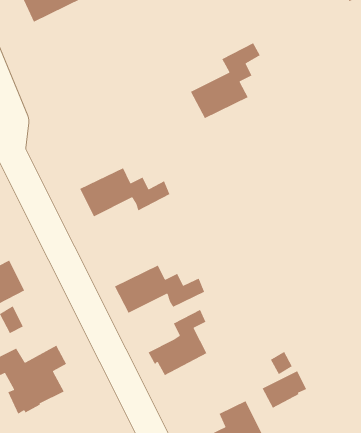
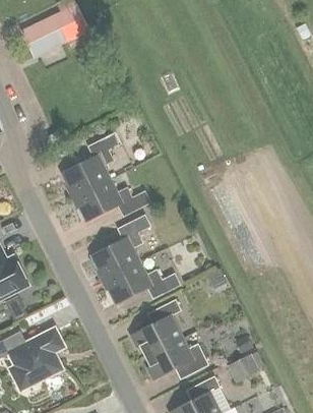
building: [190,42,261,119] -> [61,132,121,197]
building: none -> [90,215,150,280]
building: none -> [145,337,208,379]

